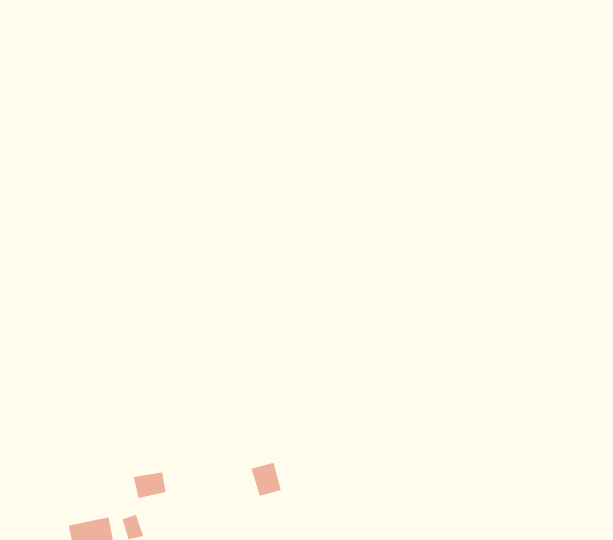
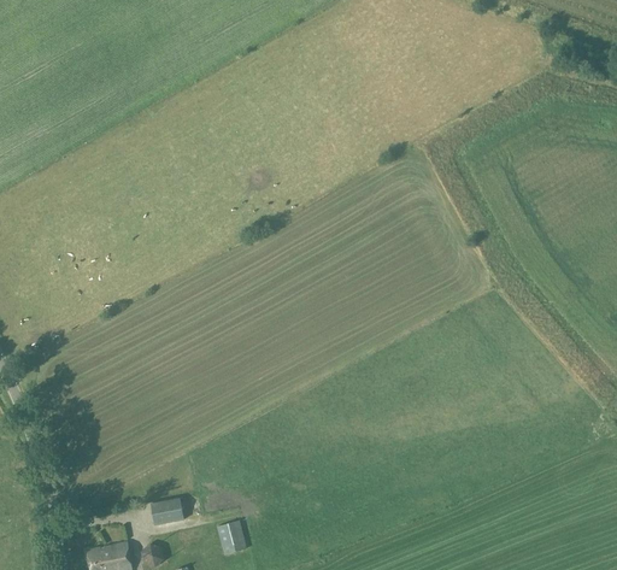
building: [250,462,282,497] -> [217,519,247,553]

